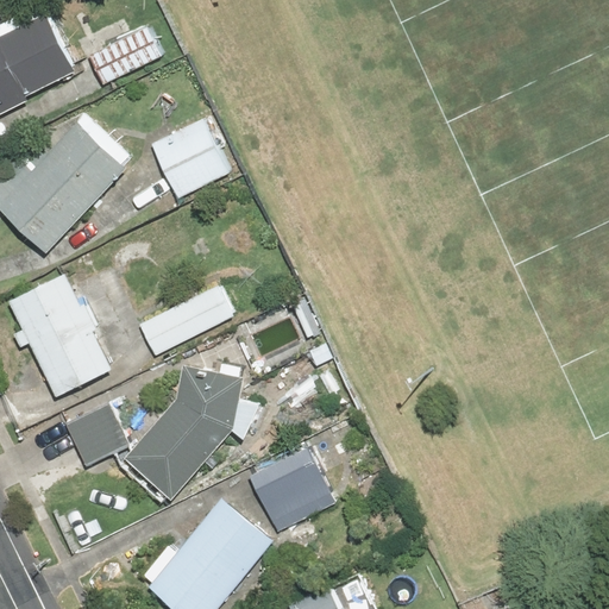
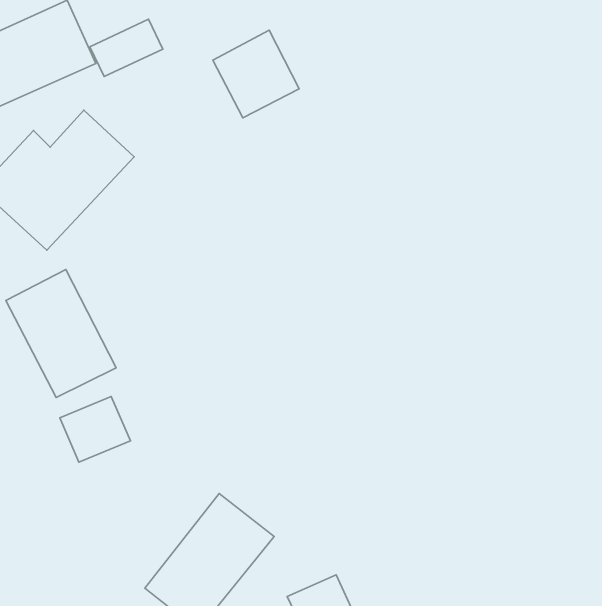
building: [150,114,236,201] -> [213,30,299,118]
building: [134,282,236,359] -> none
building: [119,366,237,507] -> none
building: [246,439,349,532] -> none

